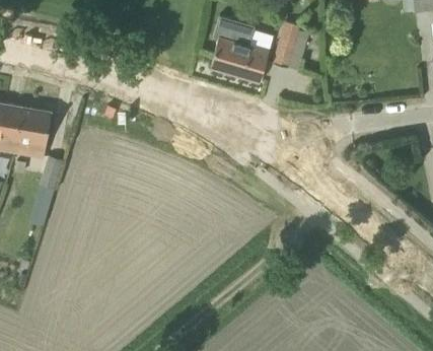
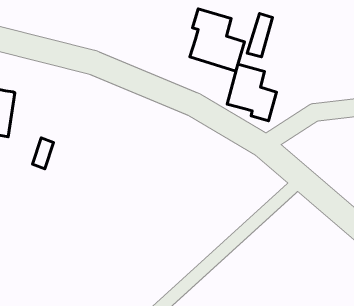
building: none -> [227,64,277,121]
building: [14,107,52,158] -> none

